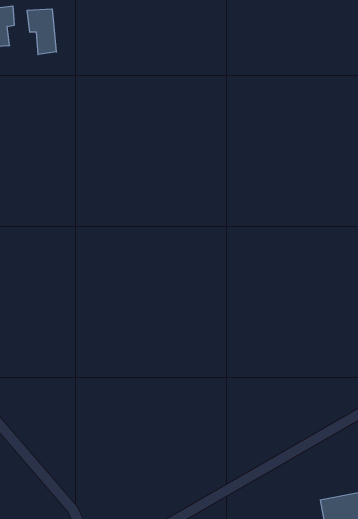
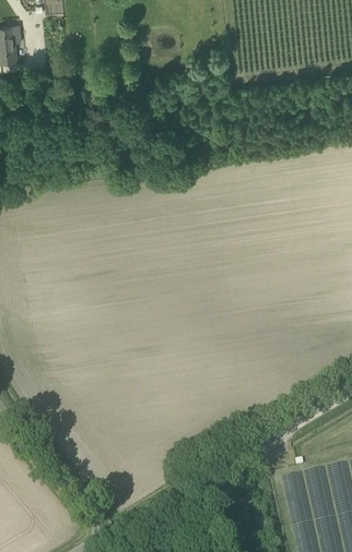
building: [27,9,56,55] -> none

